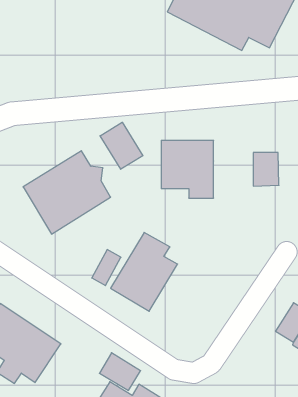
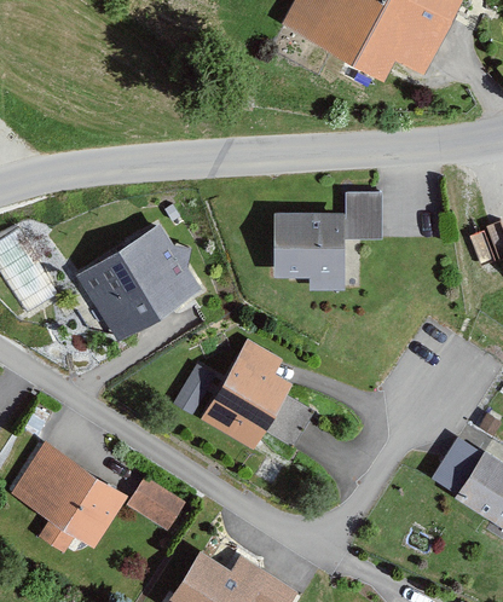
building: [100,122,143,169] -> none
building: [253,153,279,186] -> [345,192,381,239]
building: [99,353,141,390] -> [126,477,184,531]

